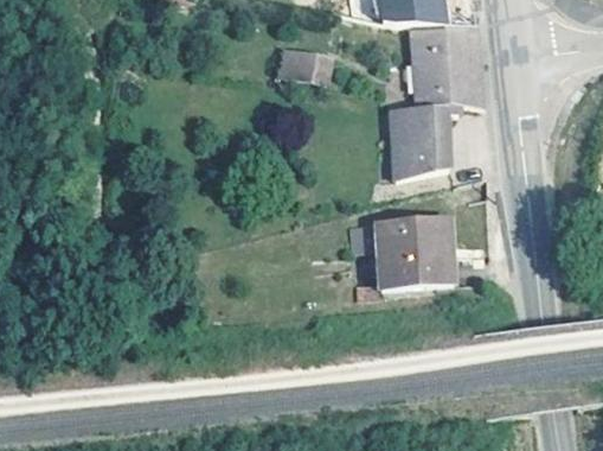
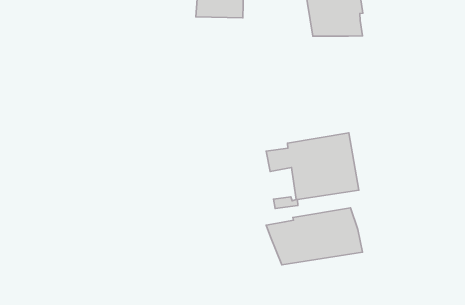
building: [387,101,457,178] -> none
building: none -> [266,208,362,265]

